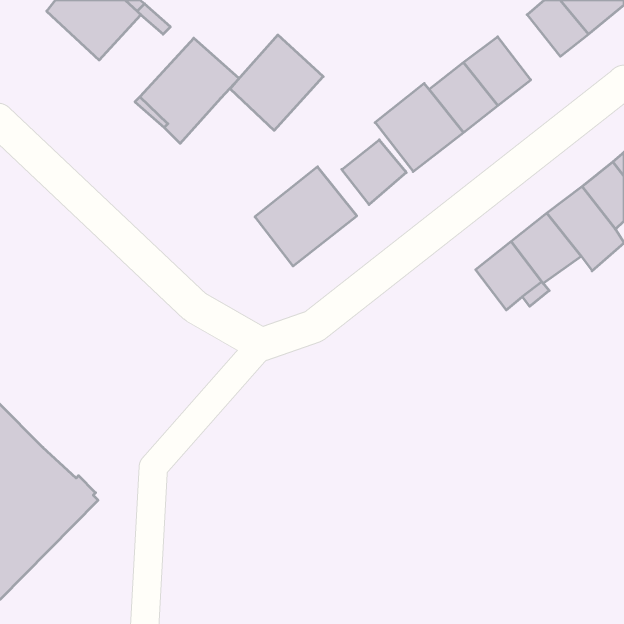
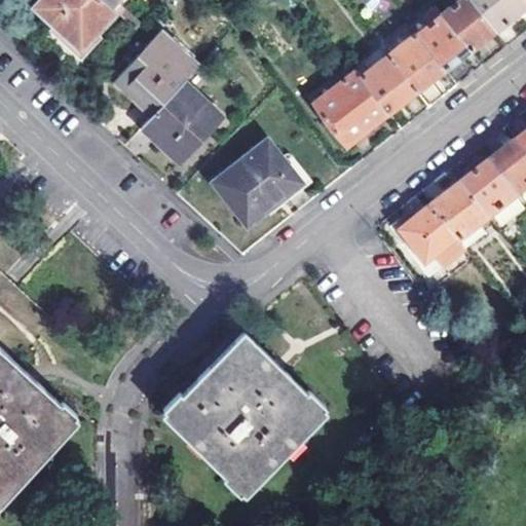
building: none -> [417,6,469,69]
building: [230,35,323,130] -> [145,84,223,164]
building: [342,140,406,205] -> none
building: none -> [160,332,327,496]

